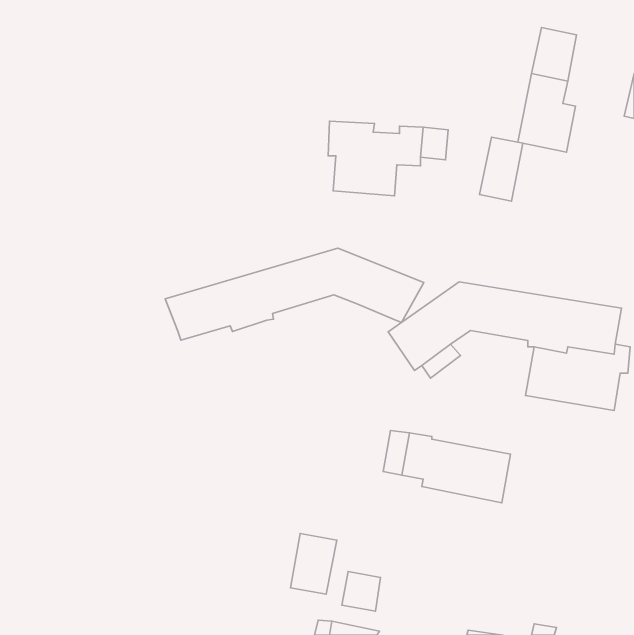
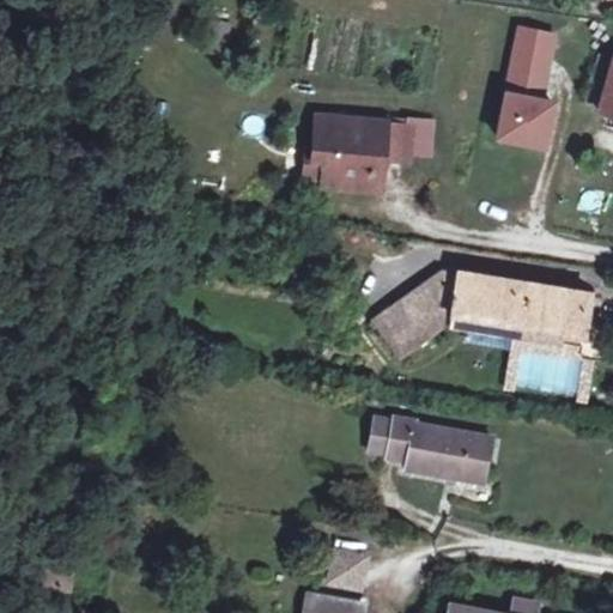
building: [479,137,523,201] -> none
building: [165,248,424,340] -> none
building: [290,533,337,594] -> none

